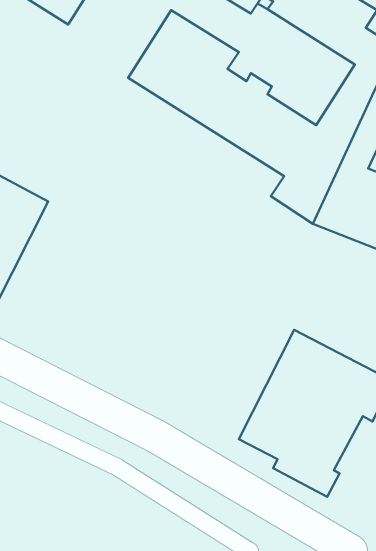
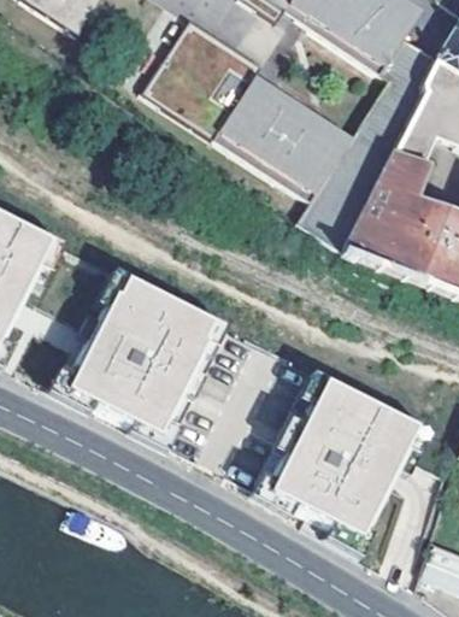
building: none -> [61,265,231,437]

